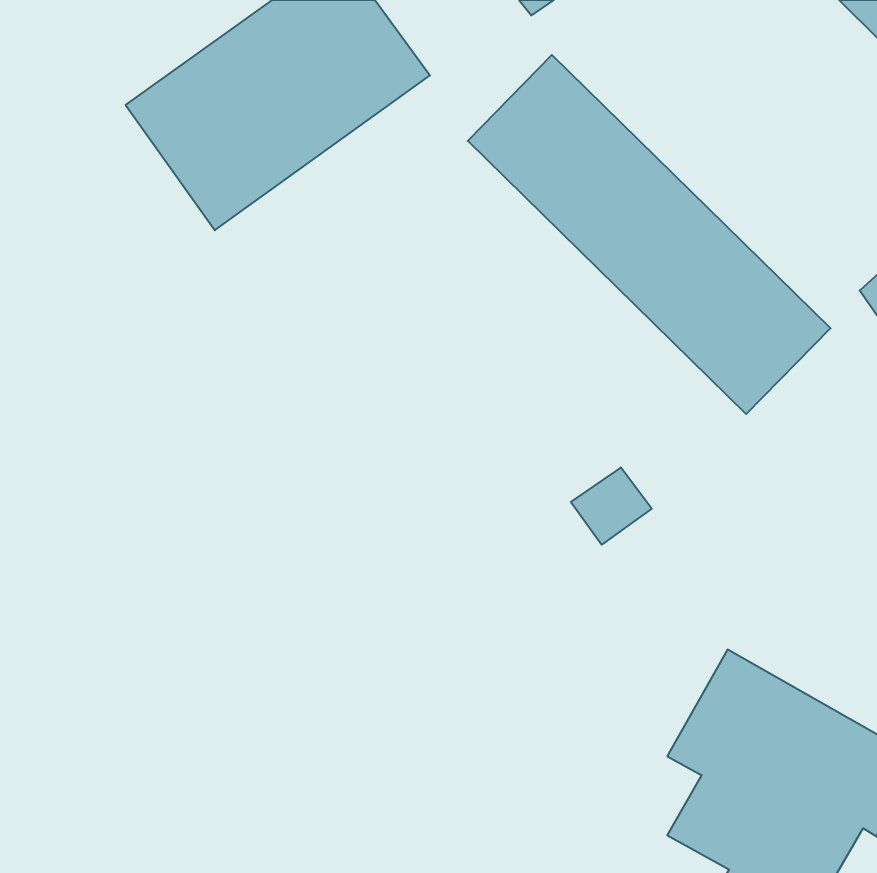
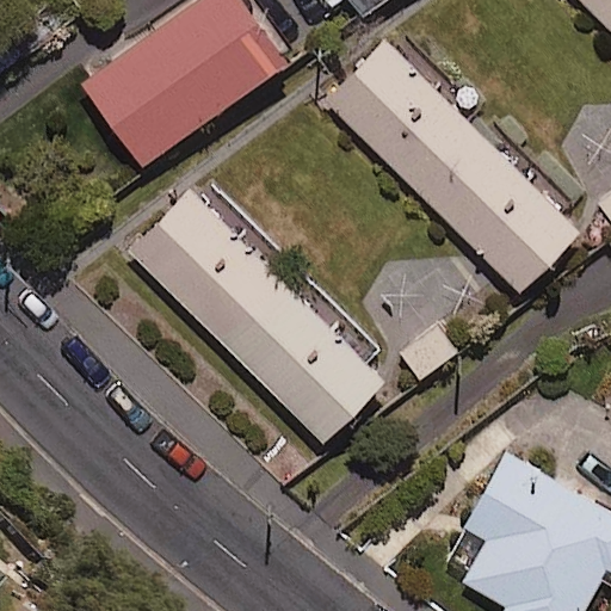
building: none -> [126,175,383,443]

